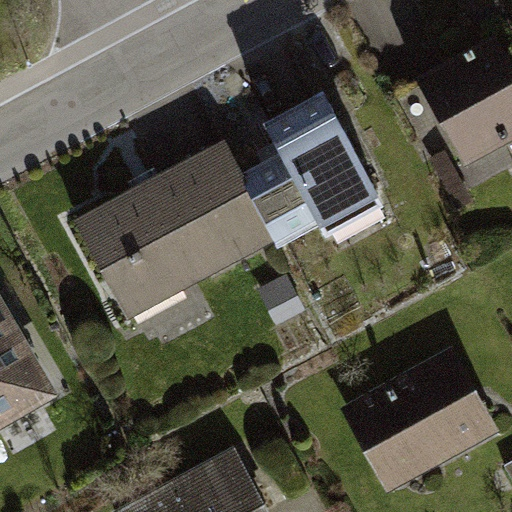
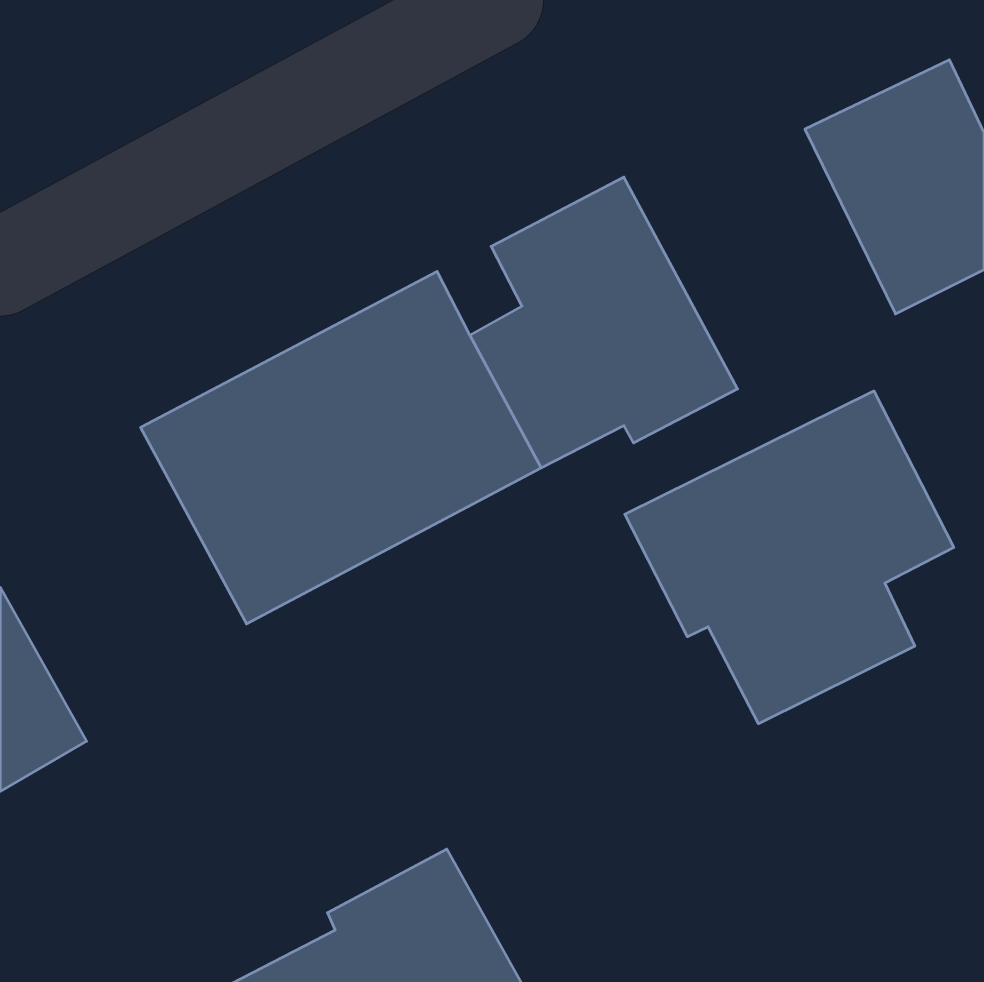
building: none -> [625,391,954,724]
building: [344,350,497,489] -> none

